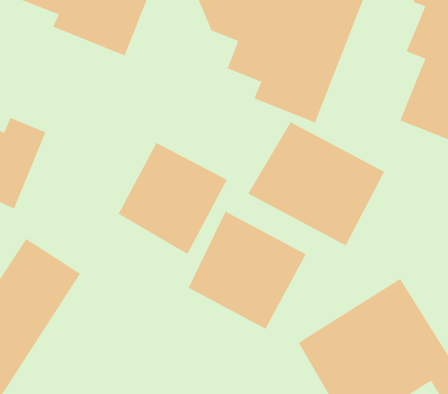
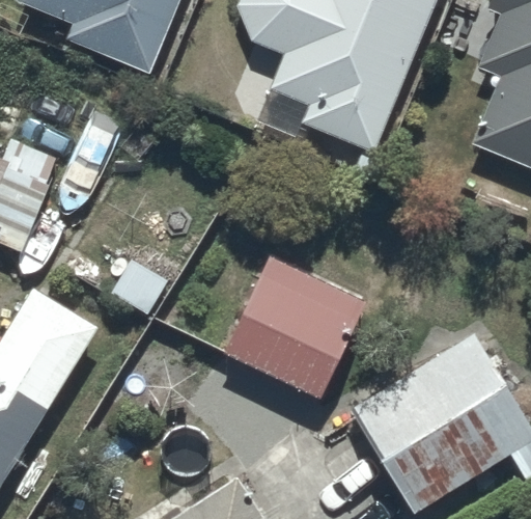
building: [247,122,385,246] -> none
building: [118,142,227,255] -> none

